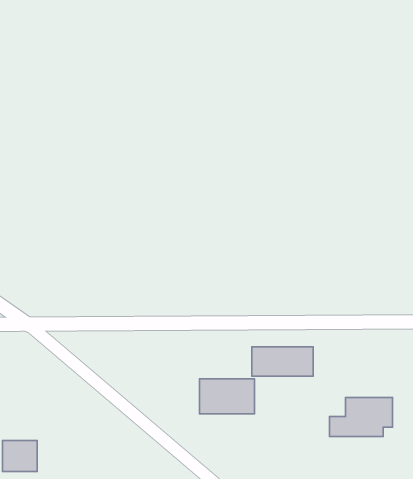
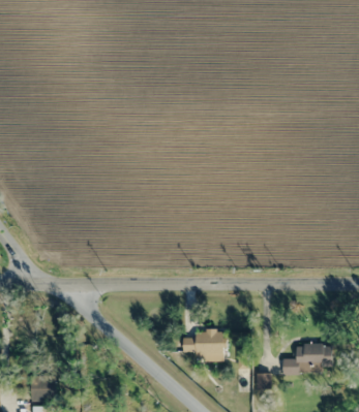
building: [252,347,313,376] -> none

